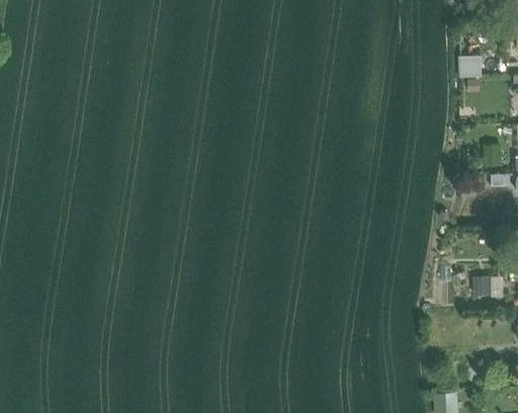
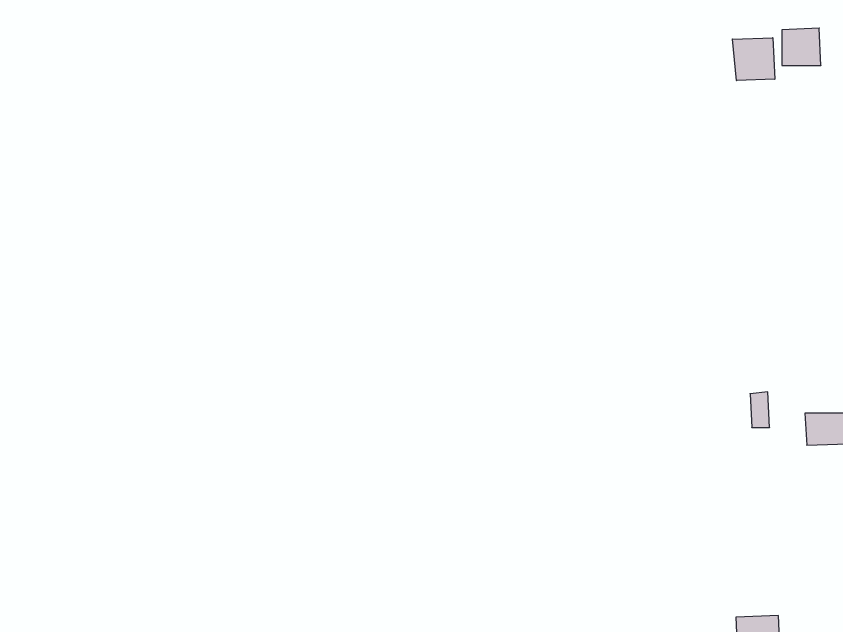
building: none -> [732,38,775,81]

